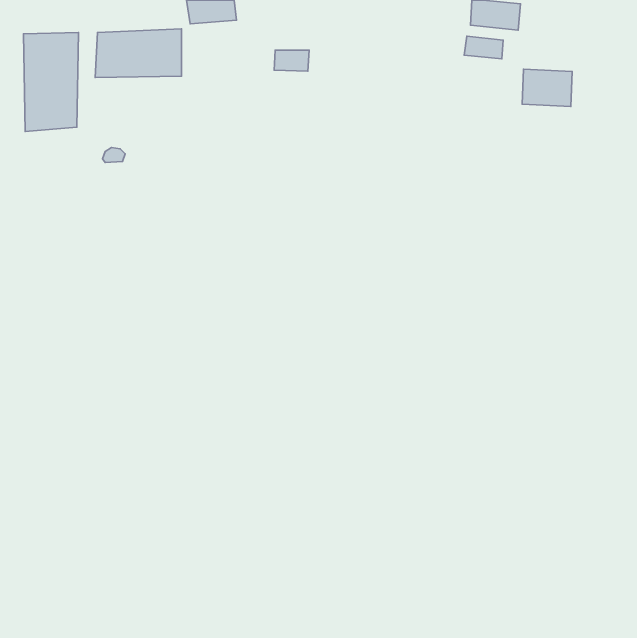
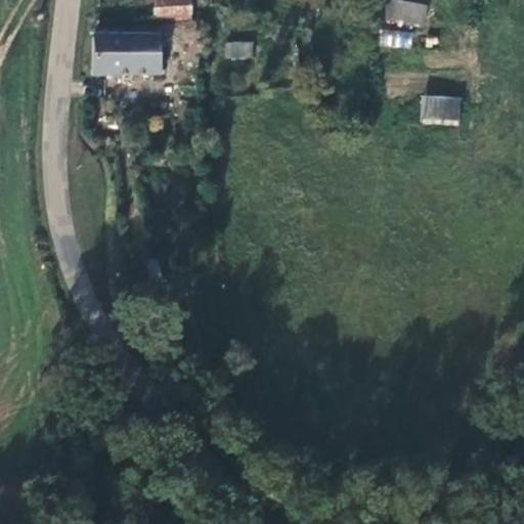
building: [24,32,79,132] -> none
building: [522,69,572,107] -> [422,95,463,126]

